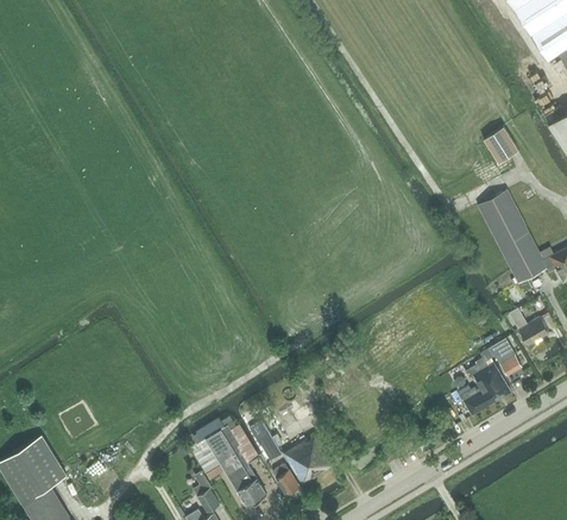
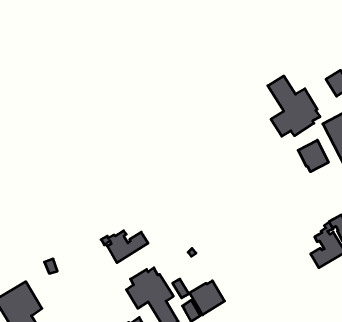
building: none -> [268,76,320,136]
building: none -> [298,140,328,172]
building: none -> [101,231,148,263]

